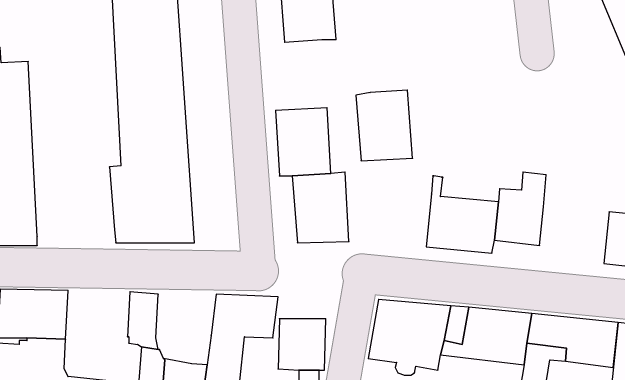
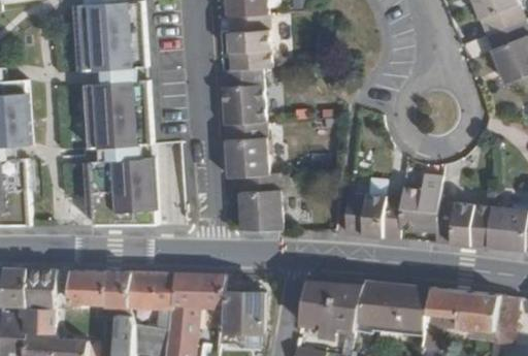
building: [356,90,413,161] -> [219,67,264,124]
building: none -> [433,201,490,247]
building: none -> [66,268,106,305]
building: none -> [127,271,175,328]

